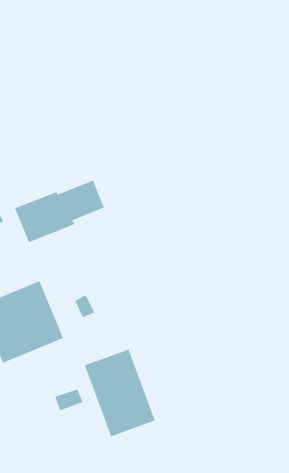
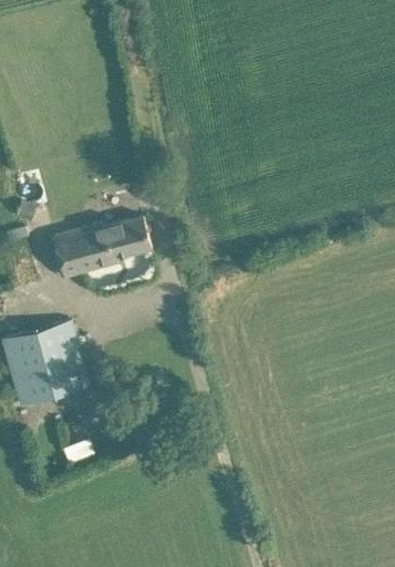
building: [84,349,155,437] -> none

